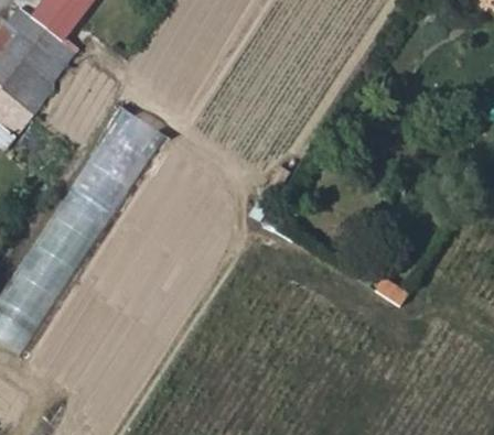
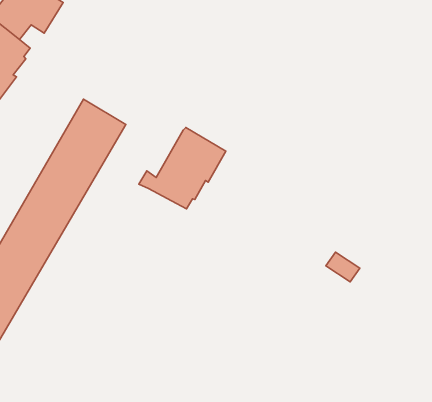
building: none -> [139,127,226,209]

